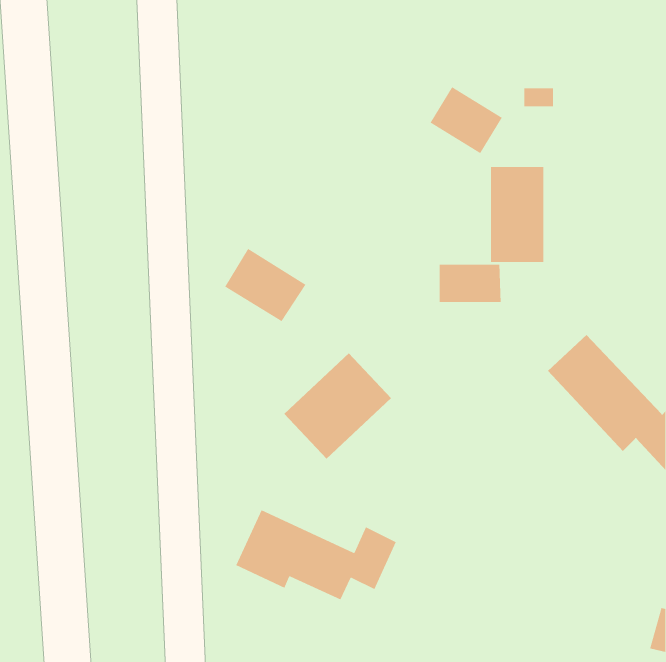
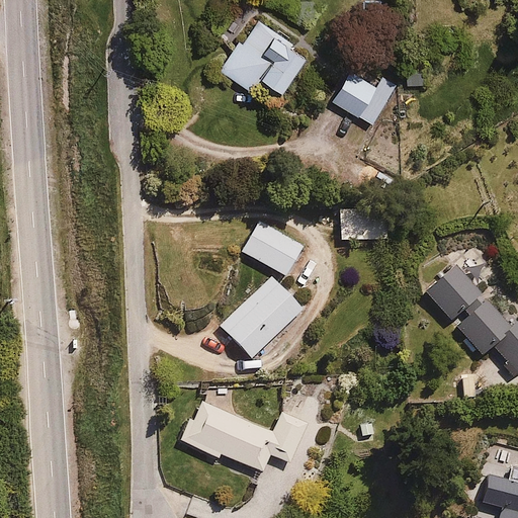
building: none -> [221,19,309,107]
building: [490,166,544,263] -> none
building: [224,248,307,322] -> [241,220,305,277]

